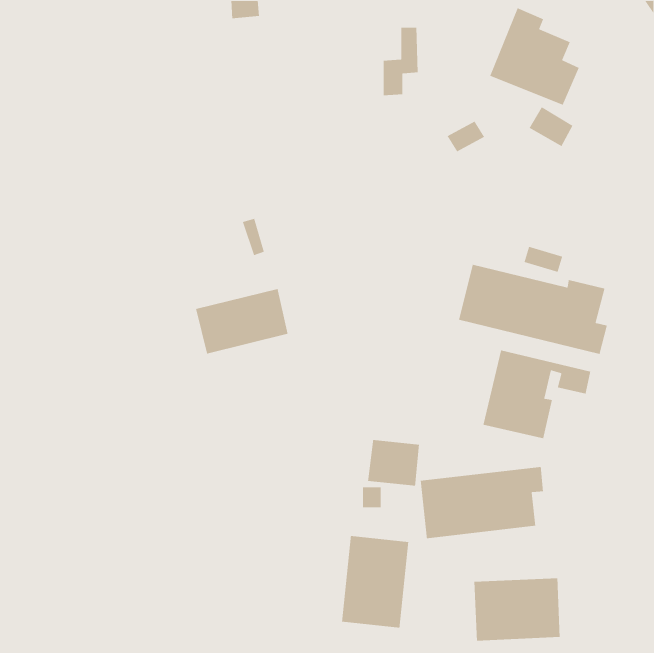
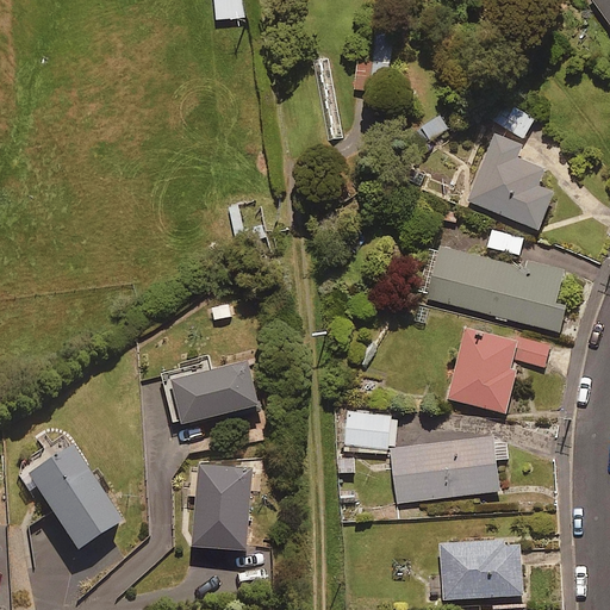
building: [489,7,580,106] -> [468,136,553,228]
building: [195,288,288,355] -> [170,359,257,421]
building: none -> [26,446,116,548]
building: [341,535,409,629] -> [189,461,253,548]

